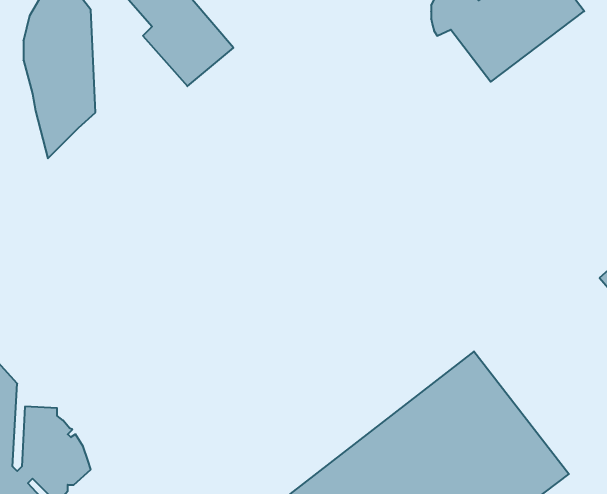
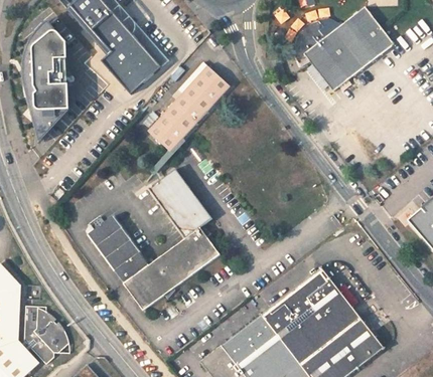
building: none -> [145,68,228,154]
building: none -> [89,168,221,310]

